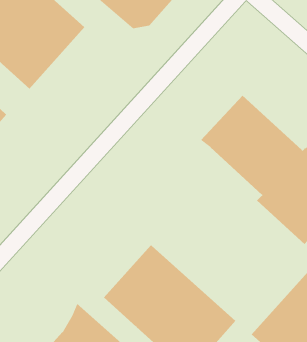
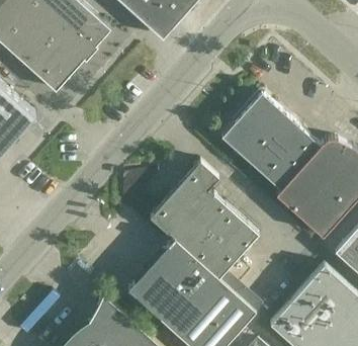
building: none -> [150,162,263,312]

